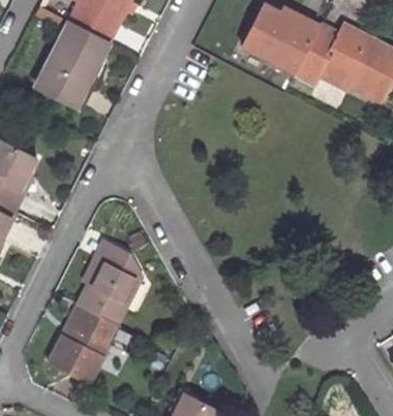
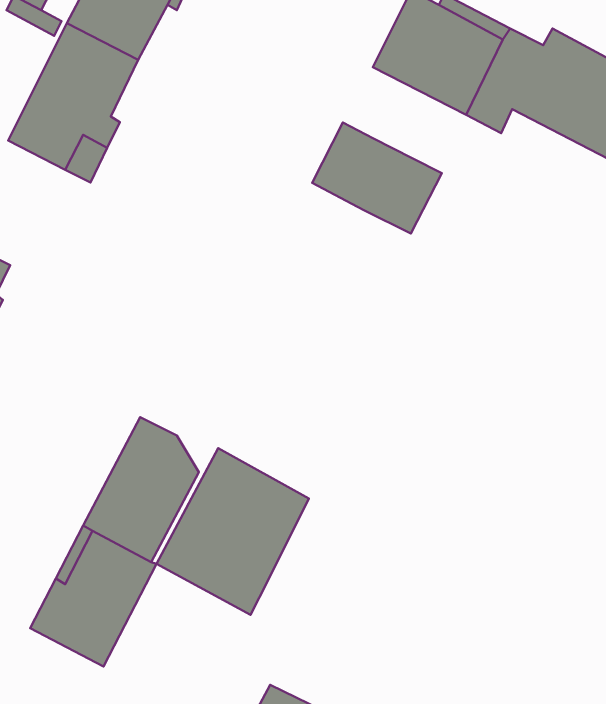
building: none -> [312,123,442,233]
building: none -> [157,448,309,615]

